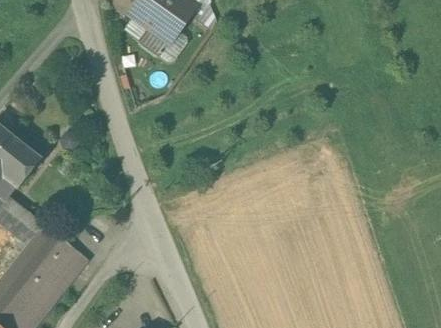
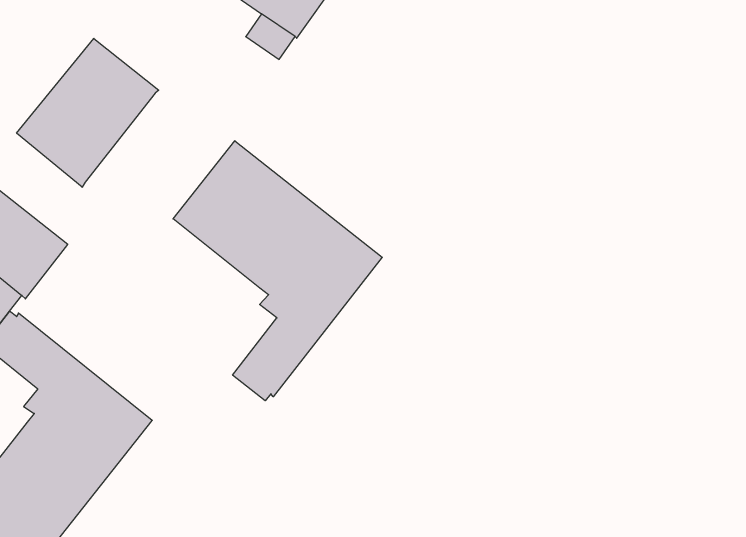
building: none -> [17,38,159,187]
building: none -> [173,141,382,401]

